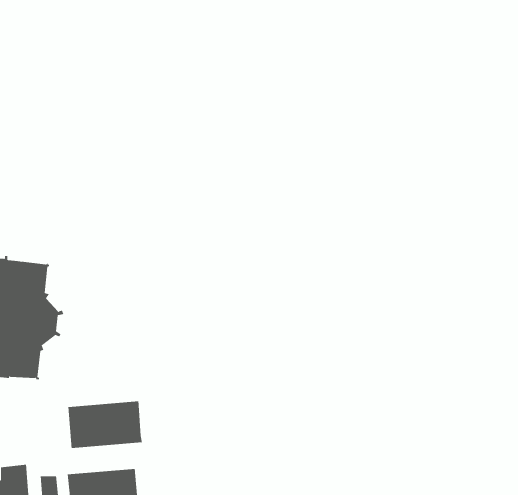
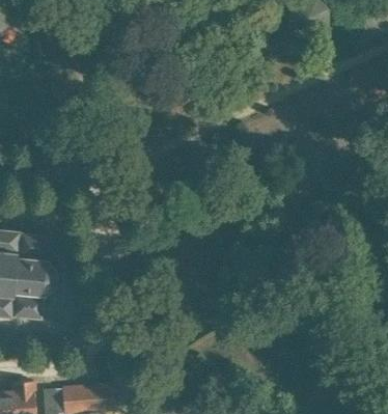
building: [68,400,142,449] -> none

